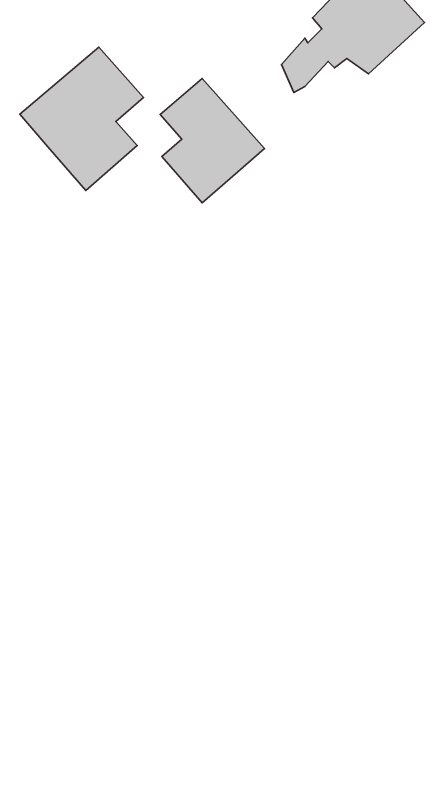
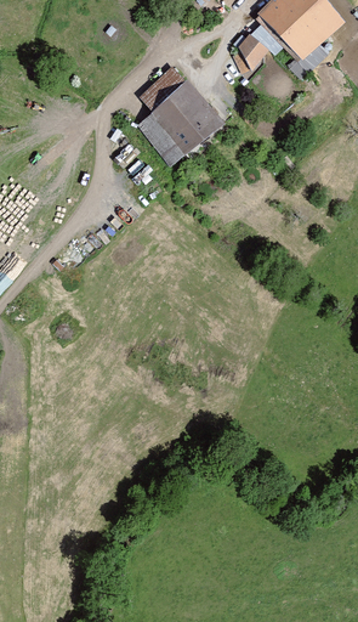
building: [20,47,143,190] -> none

